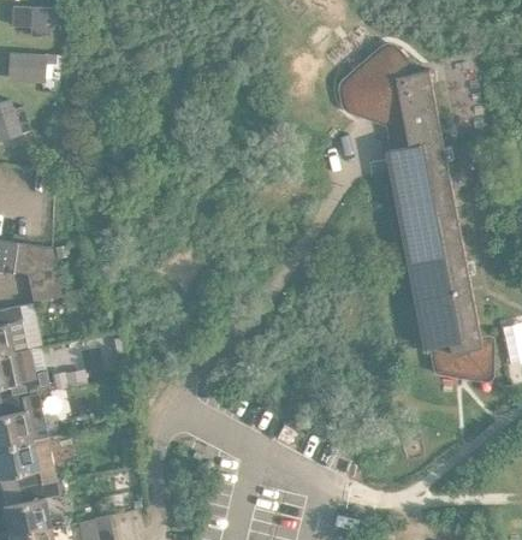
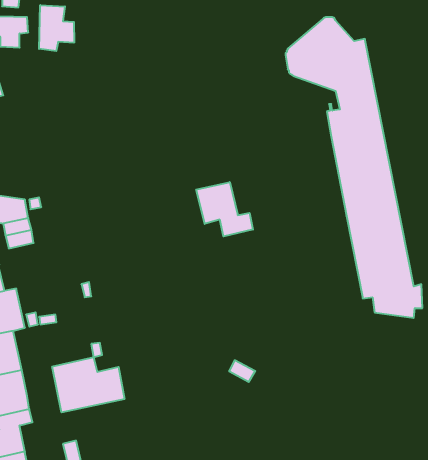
building: none -> [39,5,74,51]
building: none -> [196,182,253,236]
building: none -> [52,357,124,412]

